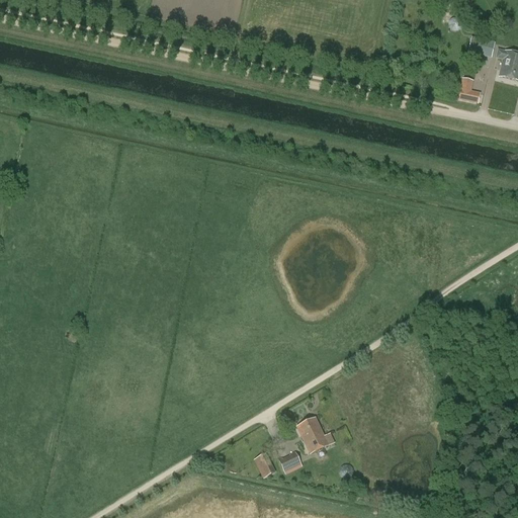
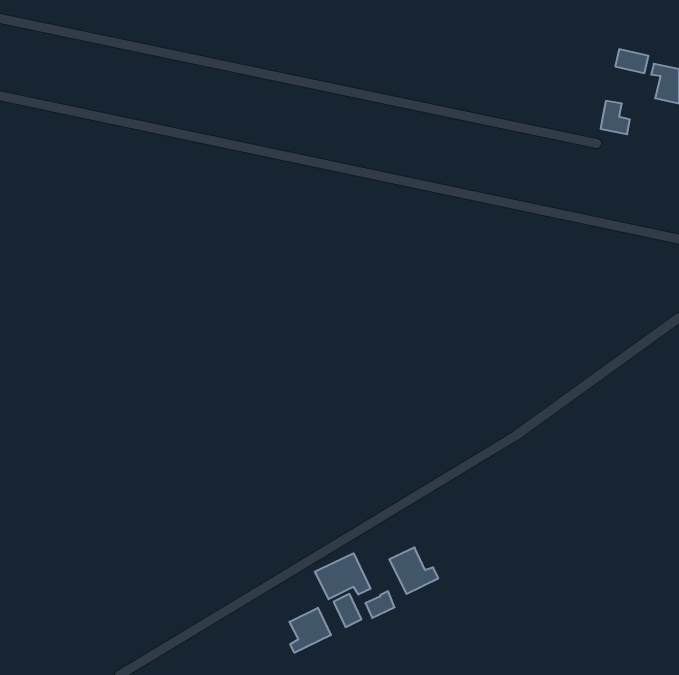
building: none -> [315,553,370,599]
building: none -> [289,608,331,653]

